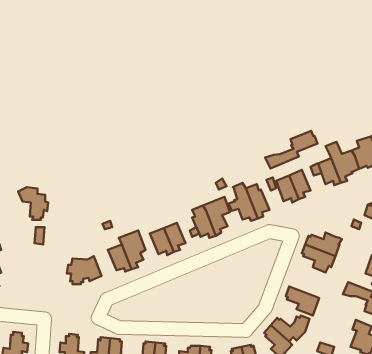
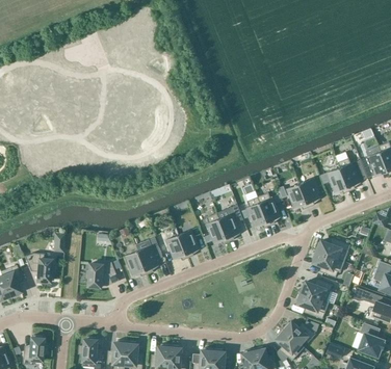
building: [265,131,318,168] -> none
building: [18,187,48,220] -> [25,253,54,284]
building: none -> [299,280,332,301]

